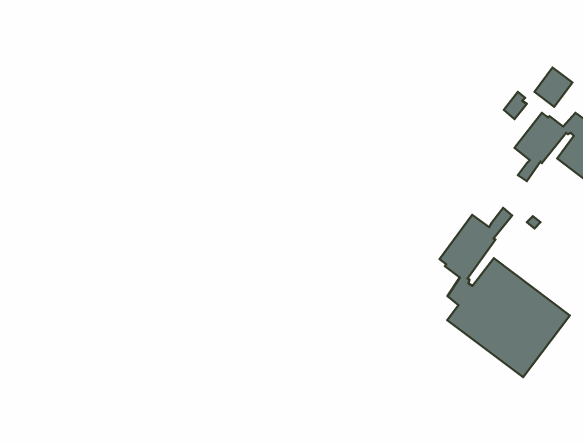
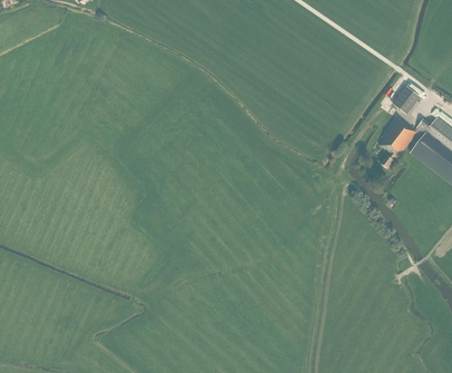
building: [440,208,570,377] -> none

